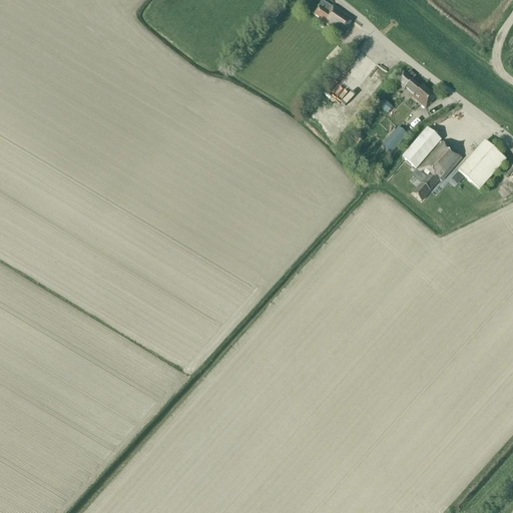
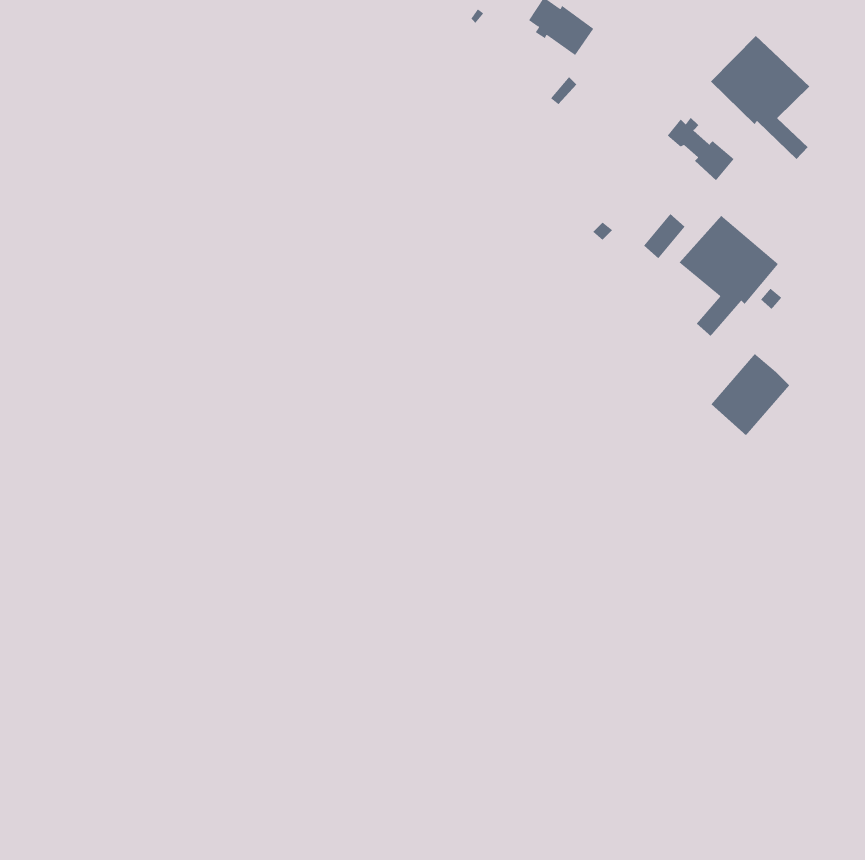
building: none -> [710,35,810,160]
building: [458,139,505,188] -> [711,353,790,436]

